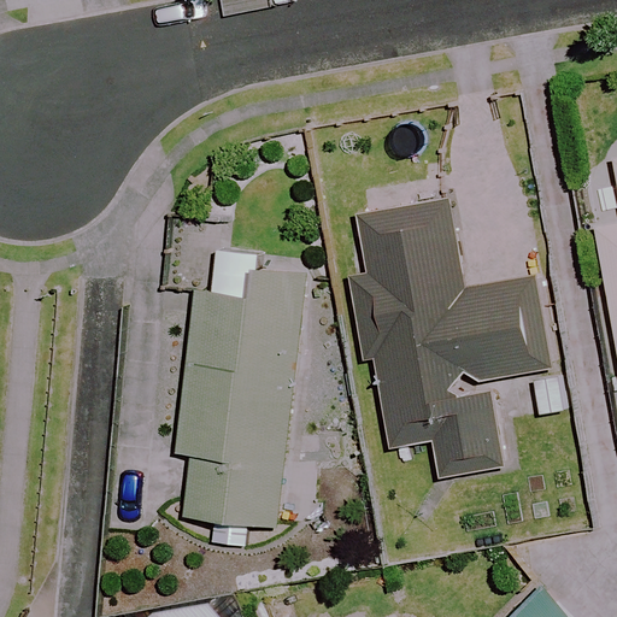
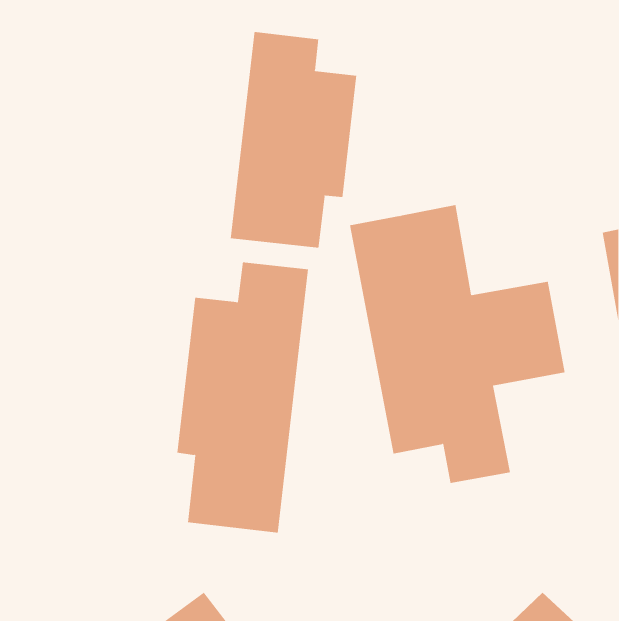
building: none -> [230,31,357,249]

